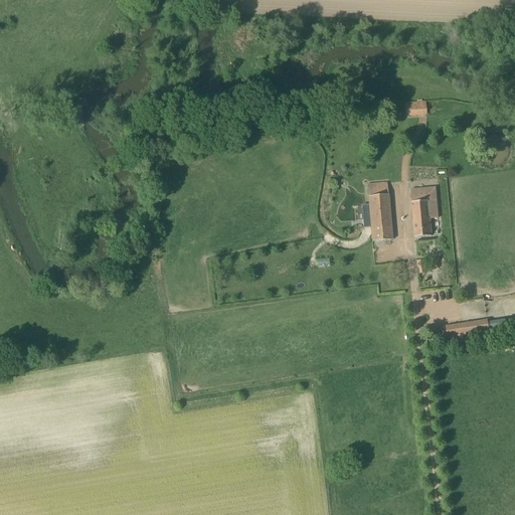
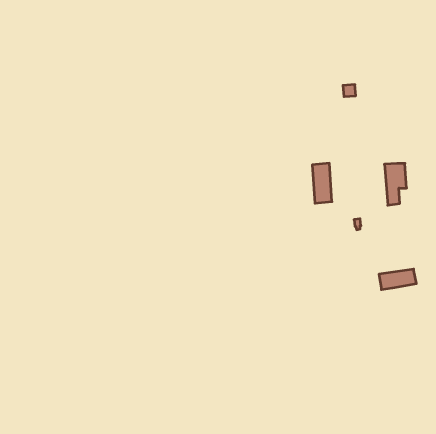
building: [411,186,438,235] -> [384,163,407,205]

